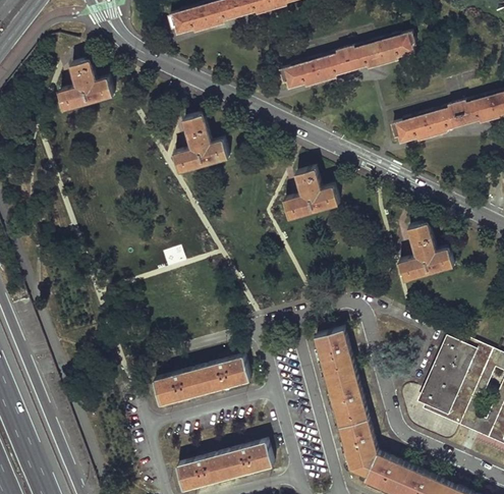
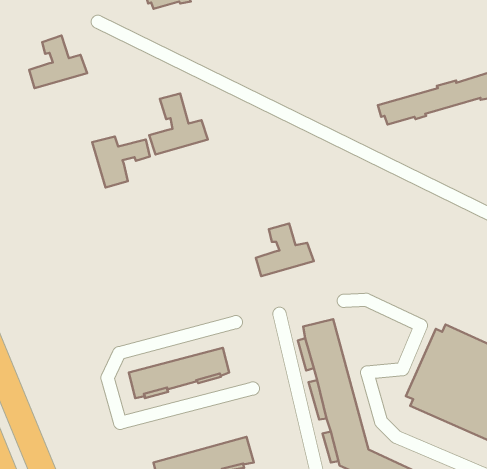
building: [278,34,412,89] -> none
building: none -> [92,137,150,187]
building: [282,168,337,218] -> [256,224,314,276]
building: [397,222,452,280] -> none

